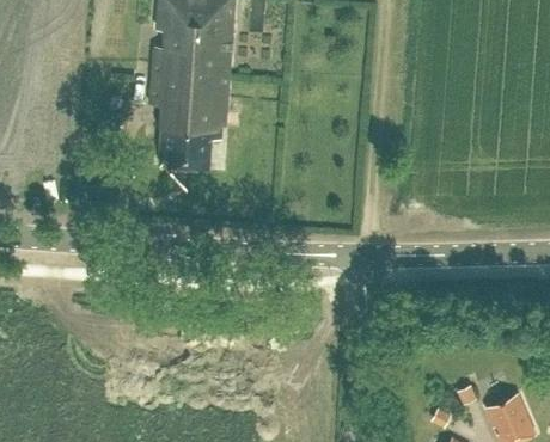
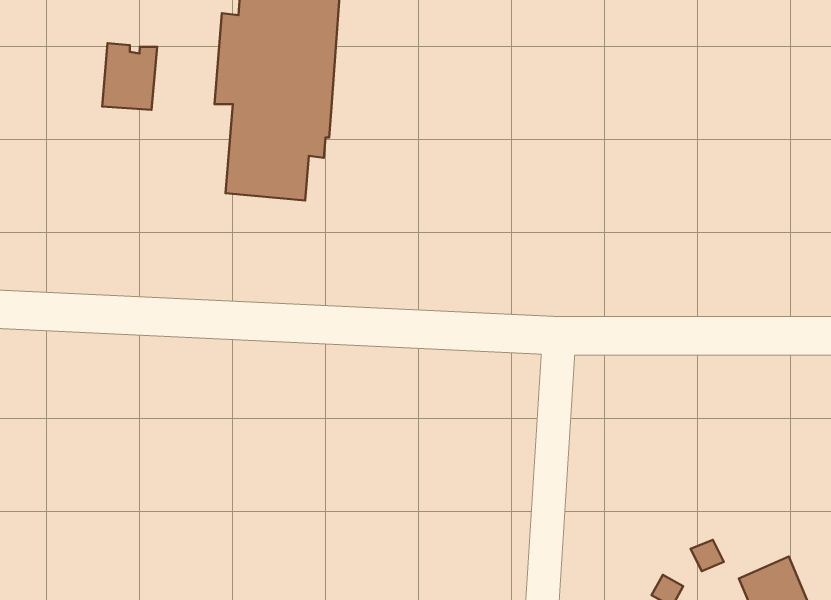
building: none -> [102,43,157,110]

